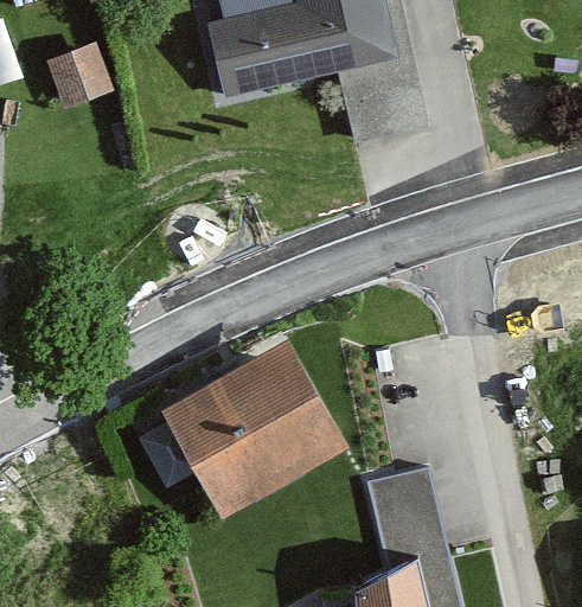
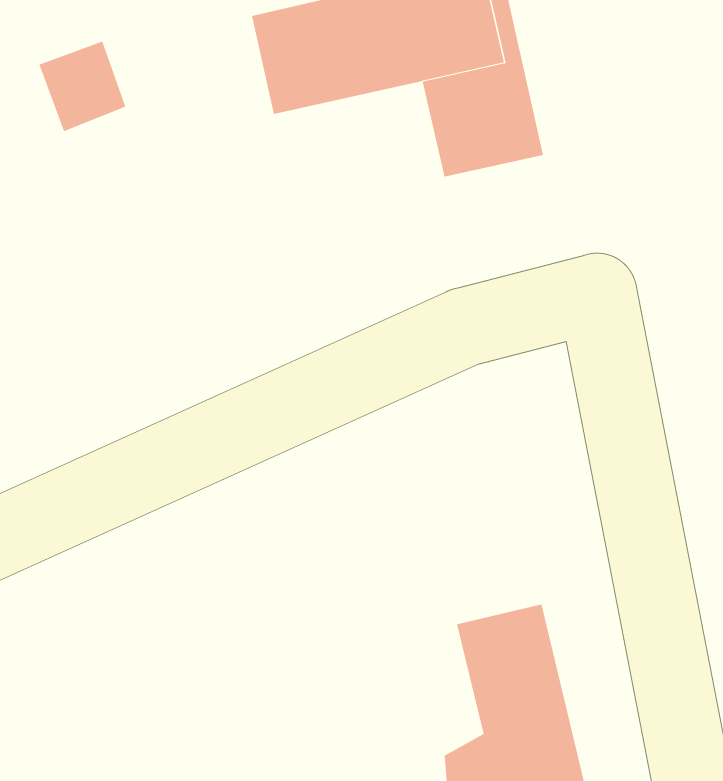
building: [161,336,348,515] -> none

